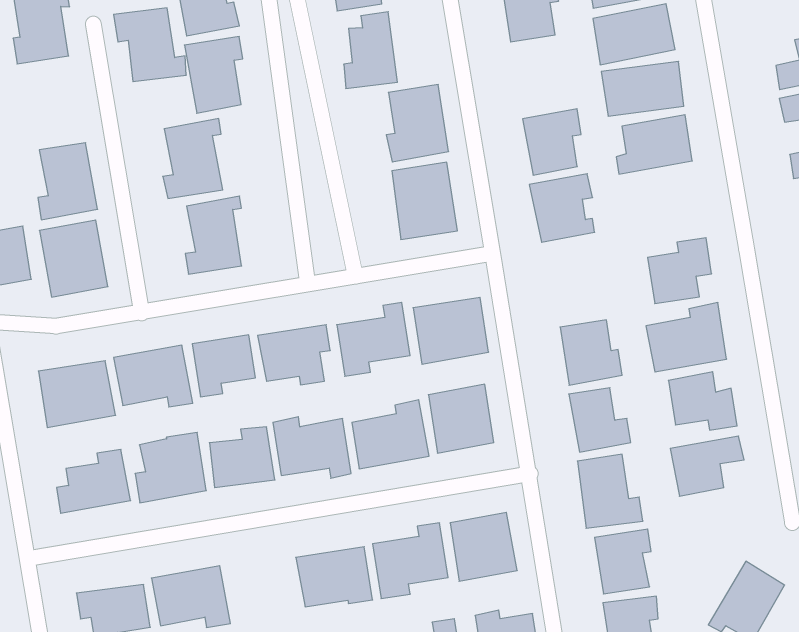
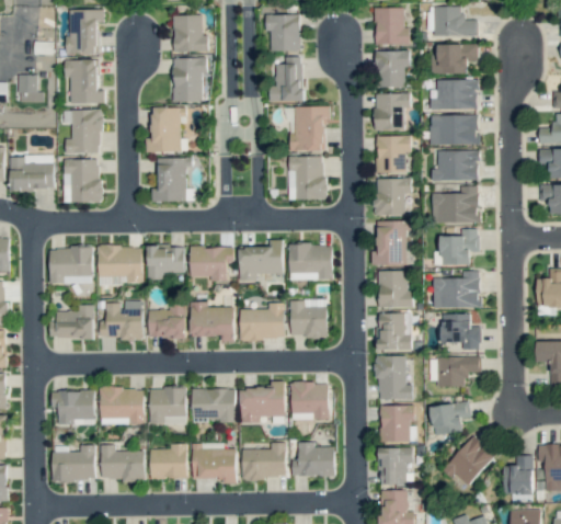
building: [114,8,186,82] -> [65,59,105,104]
building: none -> [375,93,410,130]
building: none -> [432,186,479,224]
building: none -> [371,221,412,265]
building: none -> [431,403,470,434]
building: none -> [150,388,186,424]

